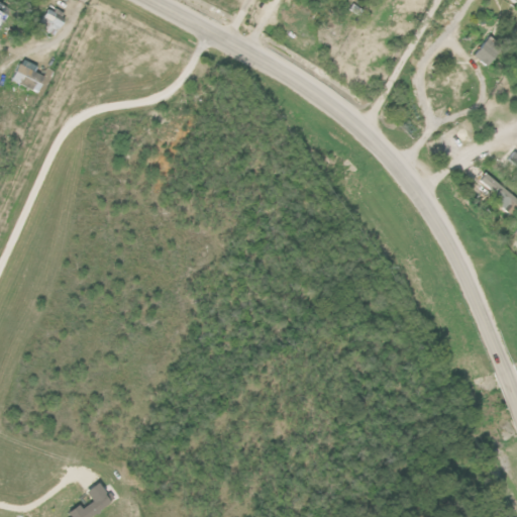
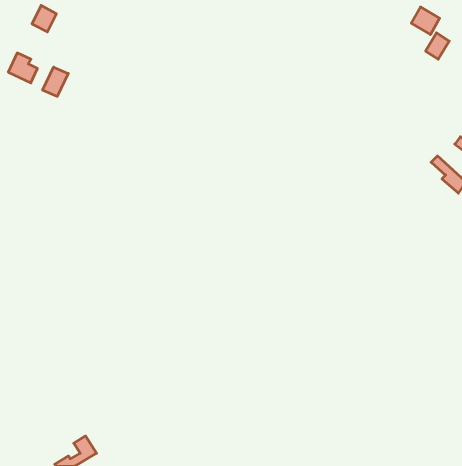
building: none -> [411,7,440,35]
building: none -> [43,67,68,96]

